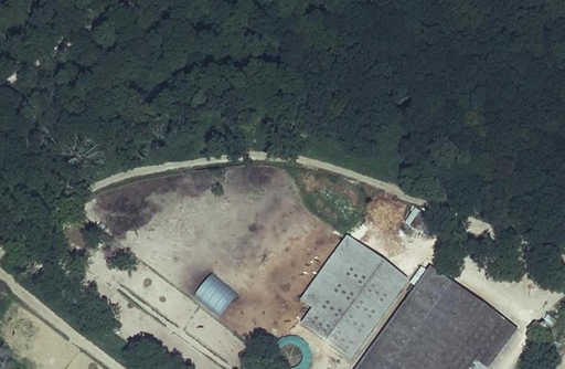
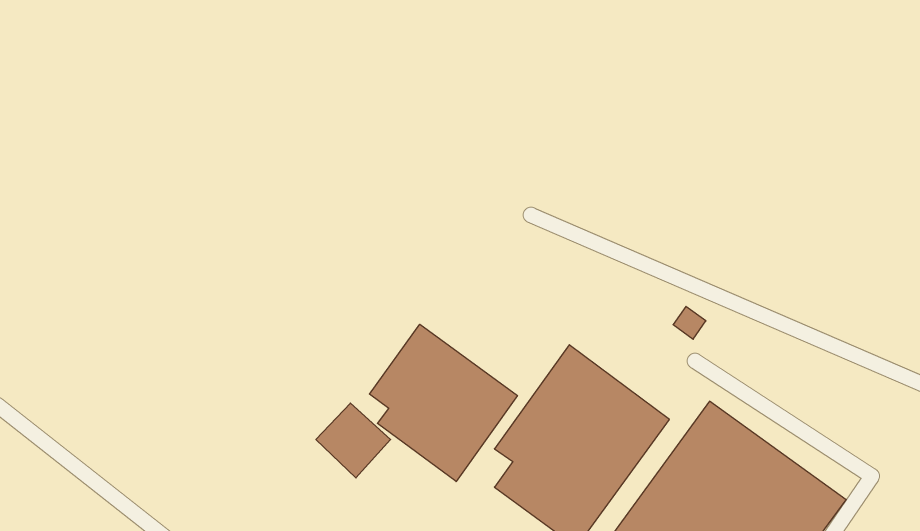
building: none -> [369,324,517,482]

